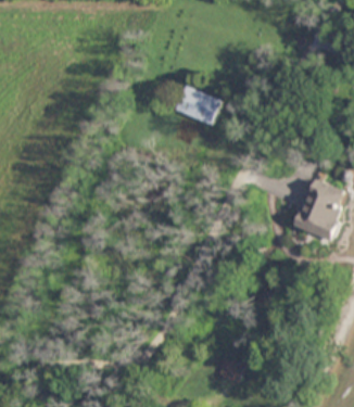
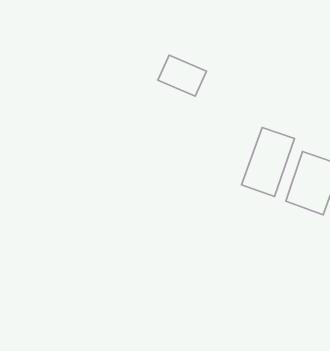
building: none -> [241,128,295,196]

